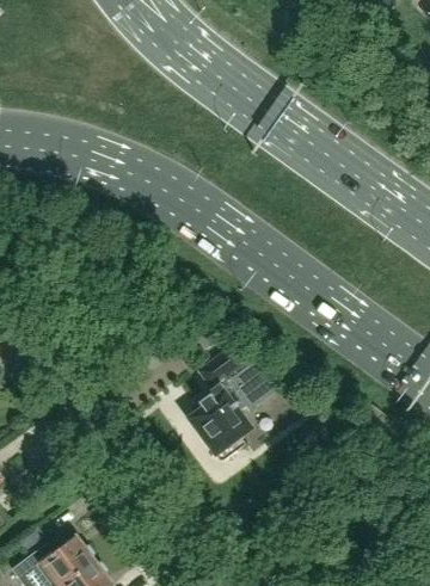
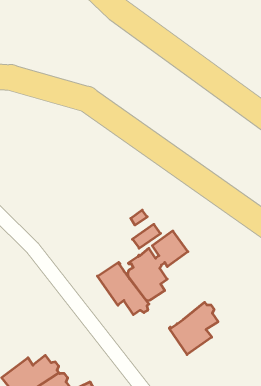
building: none -> [97,262,149,315]
building: none -> [169,302,218,355]

